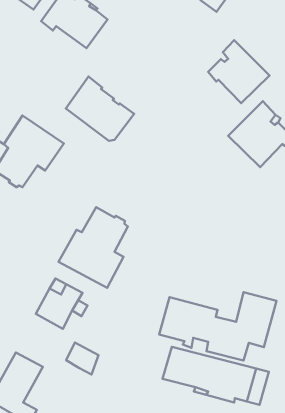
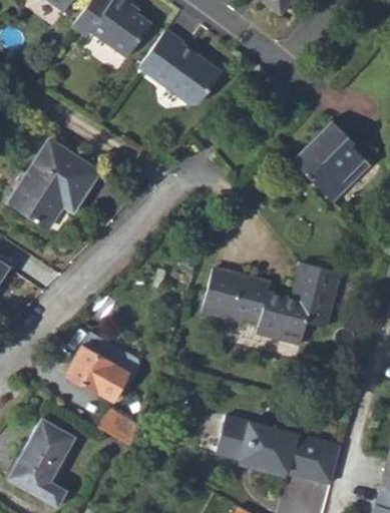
building: [208,40,270,103] -> none
building: [66,77,134,141] -> [139,31,221,107]
building: [58,207,128,288] -> none
building: [159,292,277,361] -> [201,263,340,344]

